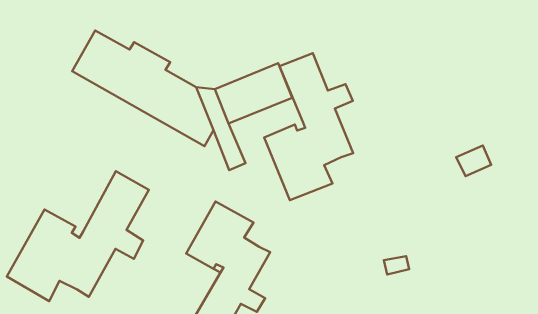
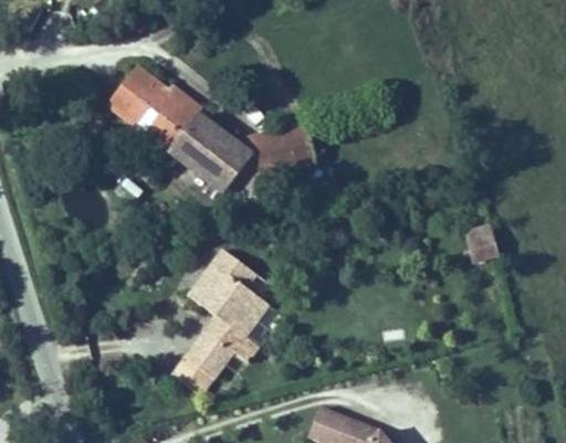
building: [264,53,353,200] -> none
building: [7,171,149,301] -> none

